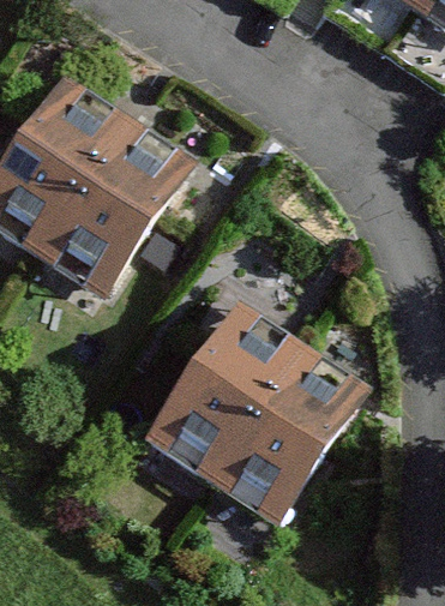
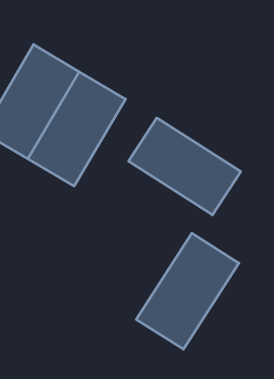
building: none -> [129,118,241,215]
building: [144,318,283,481] -> none

